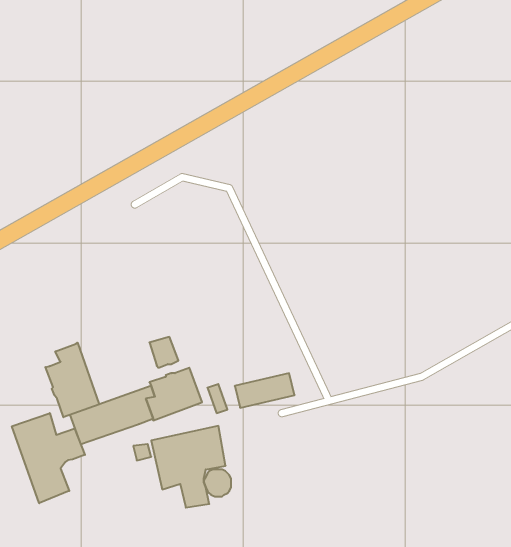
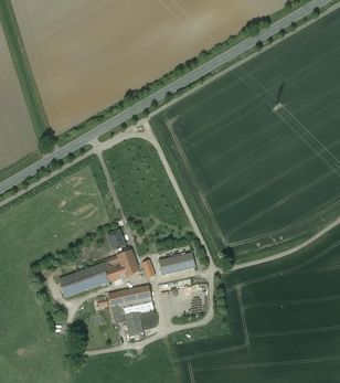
building: [45,343,99,417] -> none
building: [12,413,85,503] -> none

